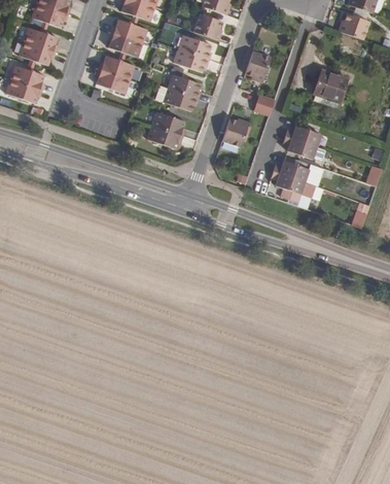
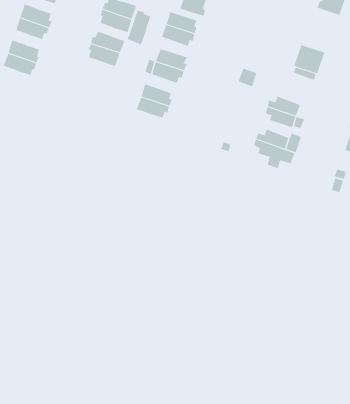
building: none -> [127,10,151,45]
building: [245,49,271,81] -> none
building: [222,116,248,146] -> none

